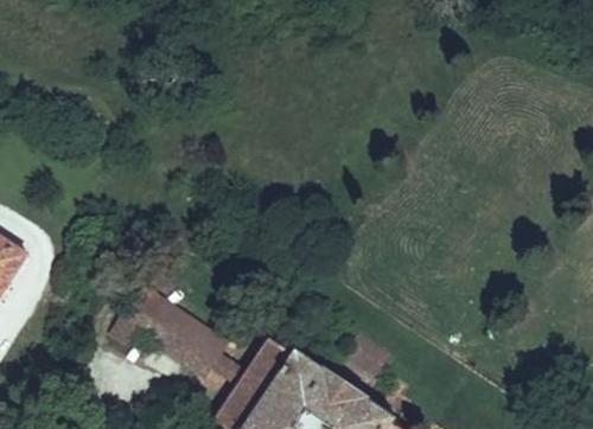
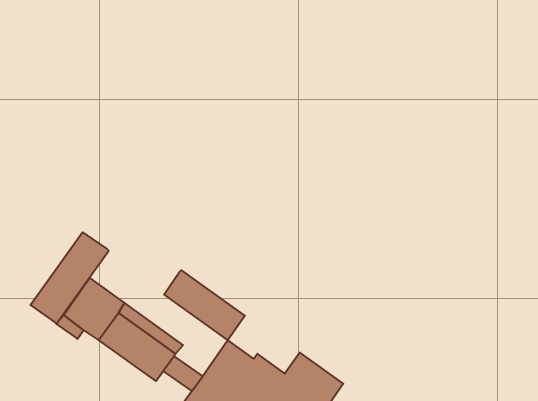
building: none -> [30,232,109,323]
building: none -> [164,270,245,340]

